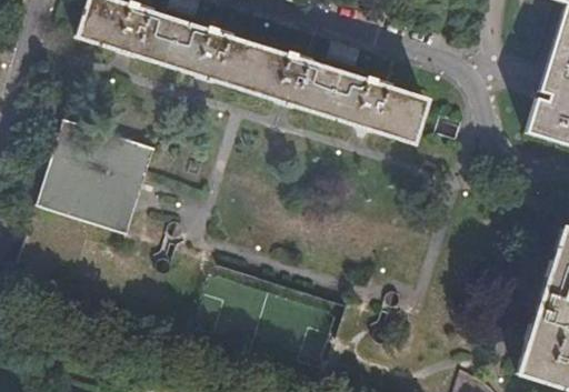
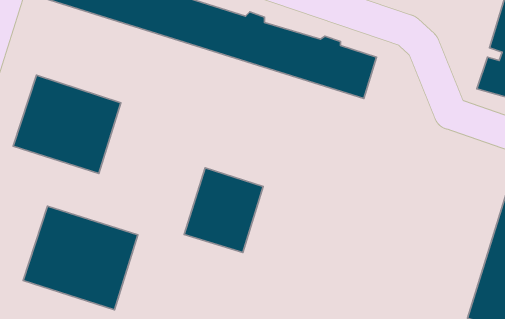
building: none -> [184,168,263,252]
building: none -> [23,206,138,310]

